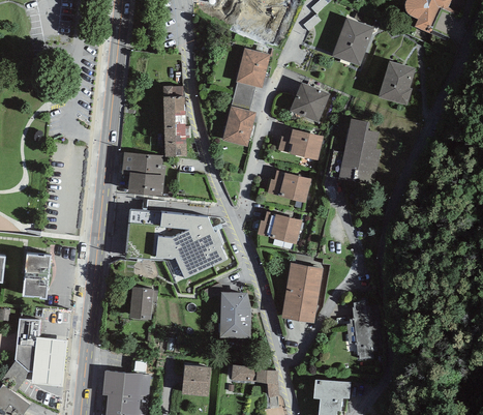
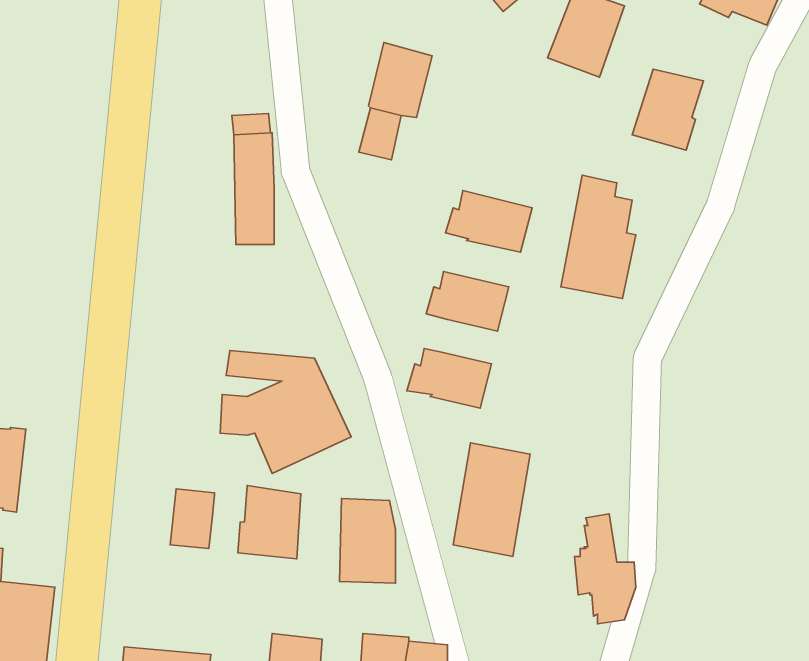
building: [290,82,330,122] -> none
building: [221,106,255,146] -> none
building: [122,151,164,196] -> none
building: none -> [238,486,301,559]

